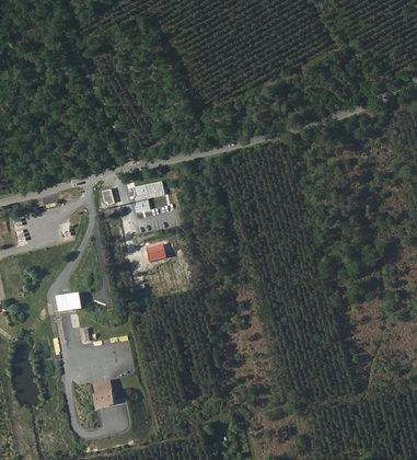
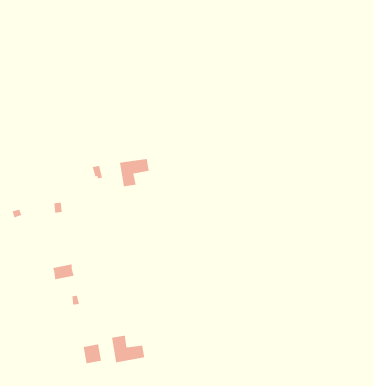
building: none -> [112,335,145,363]

